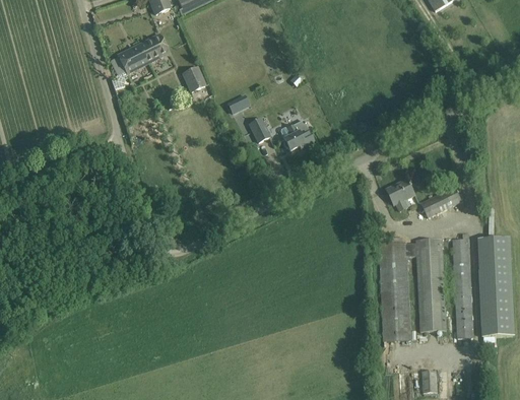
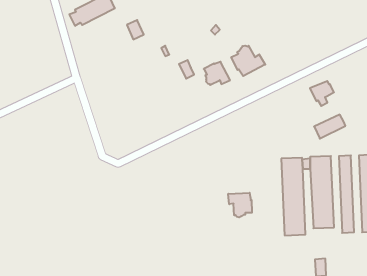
building: none -> [231,46,265,76]
building: [385,180,415,211] -> [310,81,334,106]
building: none -> [228,193,252,217]

